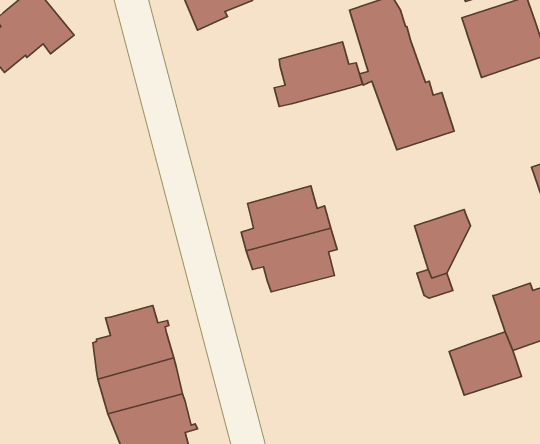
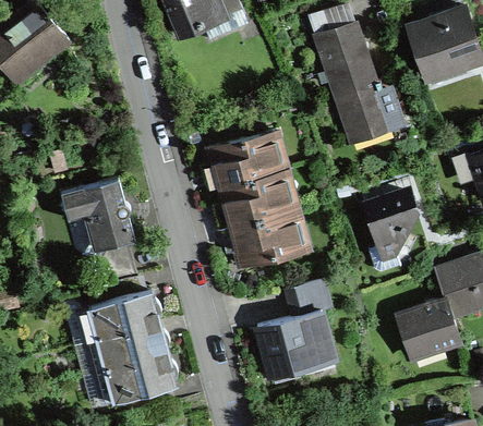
building: [274,42,363,106] -> [206,134,283,191]
building: none -> [61,179,136,288]
building: none -> [258,281,335,378]

